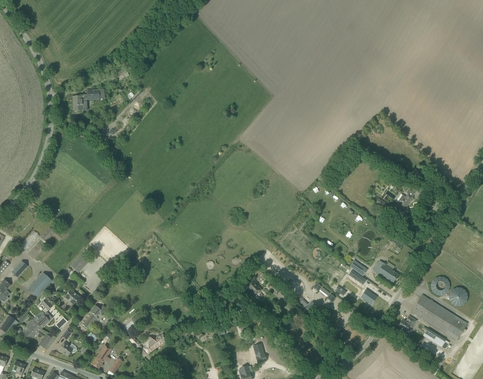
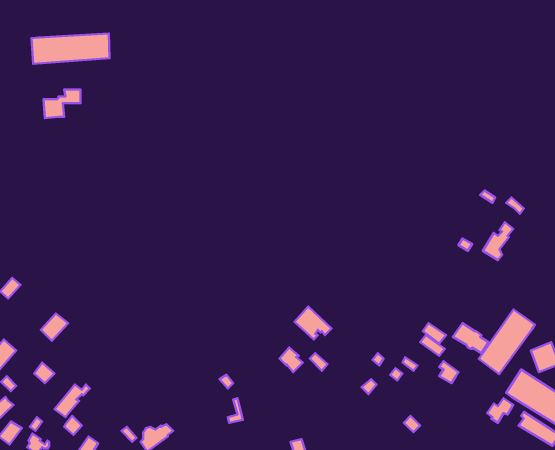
building: none -> [31,33,110,64]
building: none -> [479,310,535,374]

